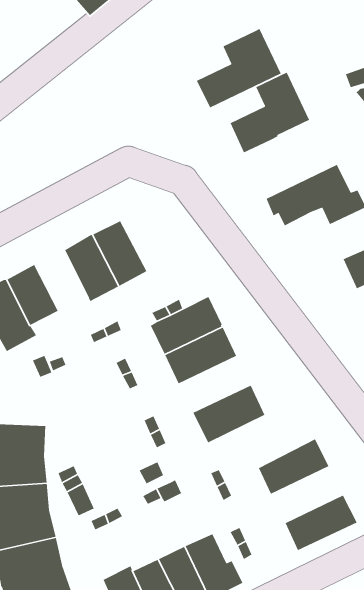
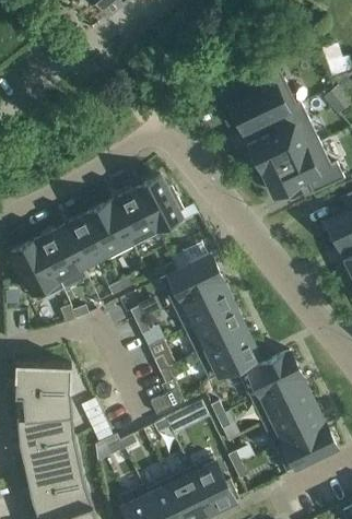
building: [196,28,282,109] -> [246,102,319,170]
building: none -> [134,175,184,233]
building: none -> [61,213,106,267]
building: none -> [184,305,246,353]
building: none -> [239,351,301,400]
building: none -> [262,399,324,447]

